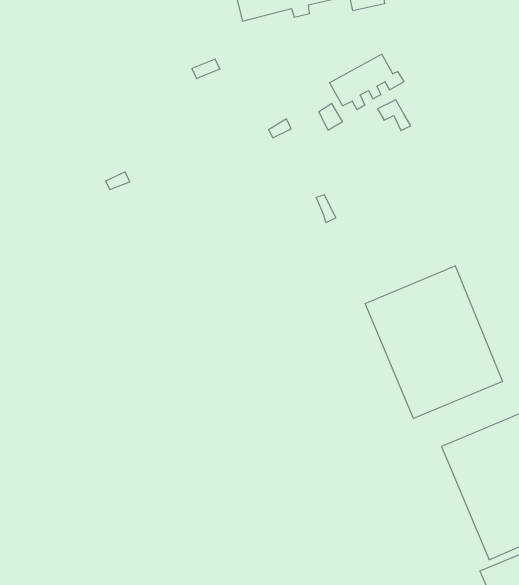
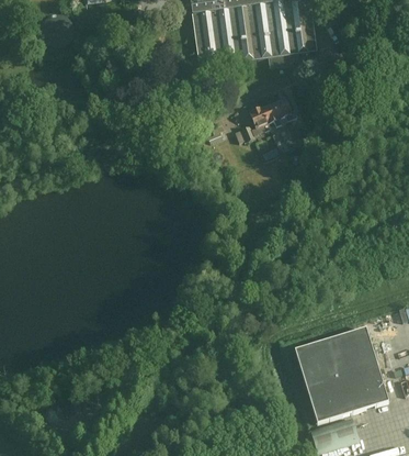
building: [365,266,502,418] -> none

